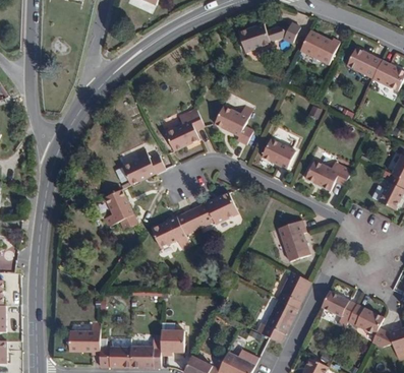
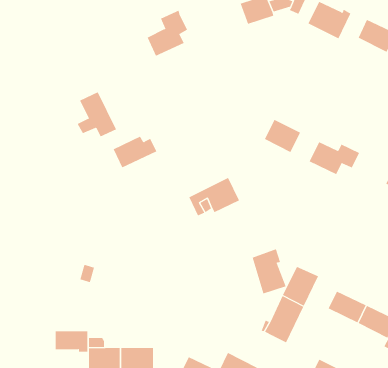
building: [213,105,252,144] -> none
building: [166,107,204,149] -> [147,10,188,56]
building: [102,188,138,230] -> [77,92,117,137]
building: [151,209,199,248] -> none
building: [278,220,309,261] -> [252,249,286,294]
building: [160,329,183,355] -> none

